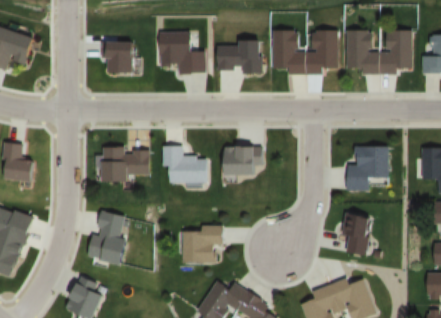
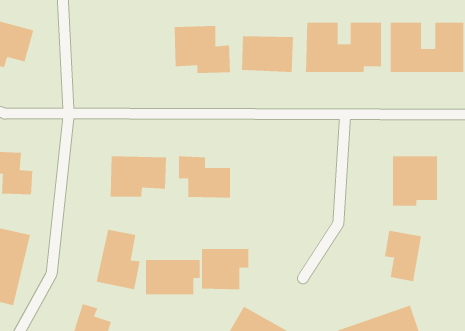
building: [101,41,135,73] -> none
building: [225,147,258,176] -> none
building: none -> [145,259,200,295]

